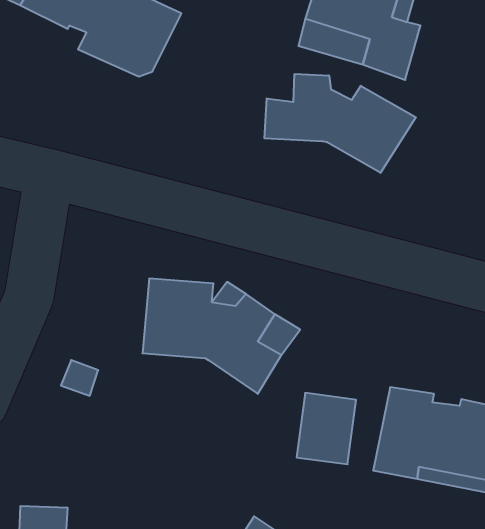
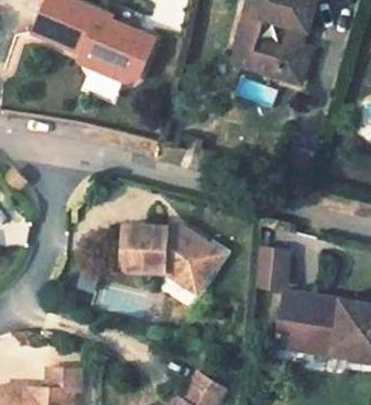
building: [265,74,416,173] -> none
building: [297,393,356,464] -> [253,247,292,293]

